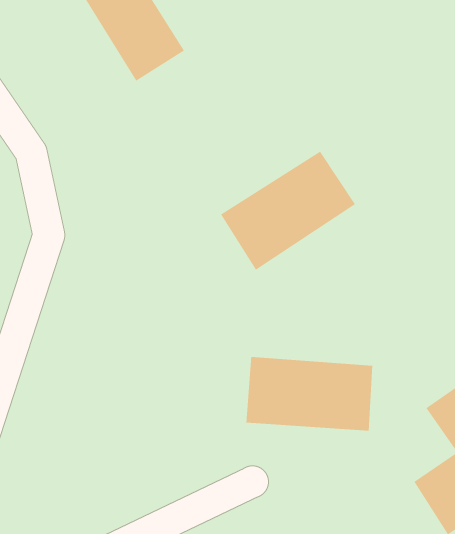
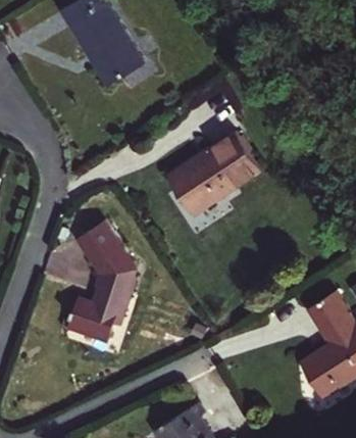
building: none -> [69,221,135,345]
building: [246,356,373,431] -> none

